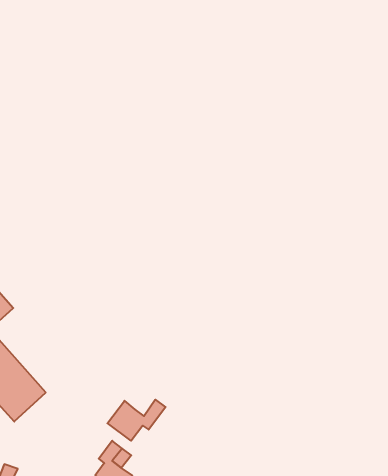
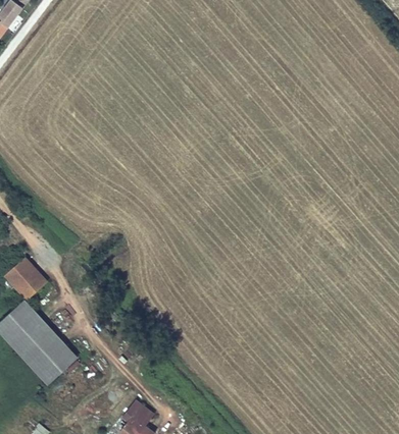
building: [107,400,166,441] -> none

